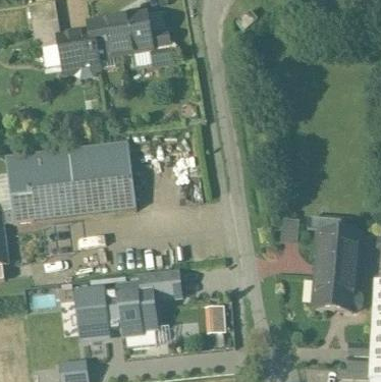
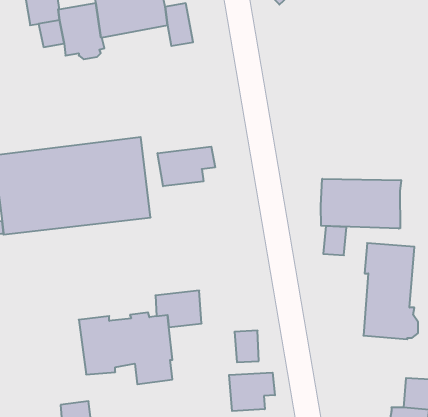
building: none -> [158,147,215,186]
building: none -> [321,179,401,229]
building: none -> [229,373,275,411]

